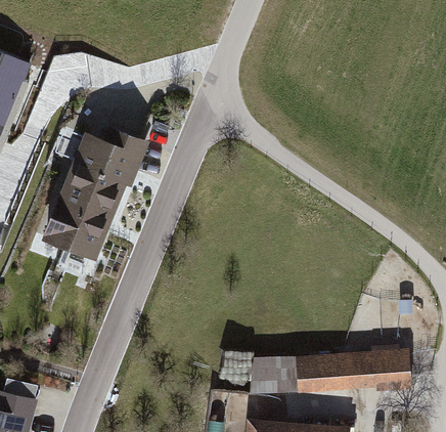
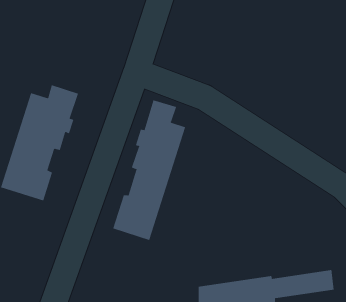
building: none -> [113,99,186,241]

